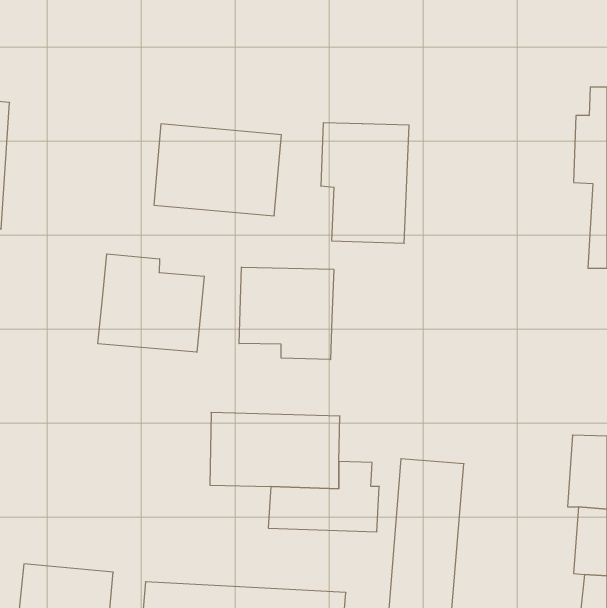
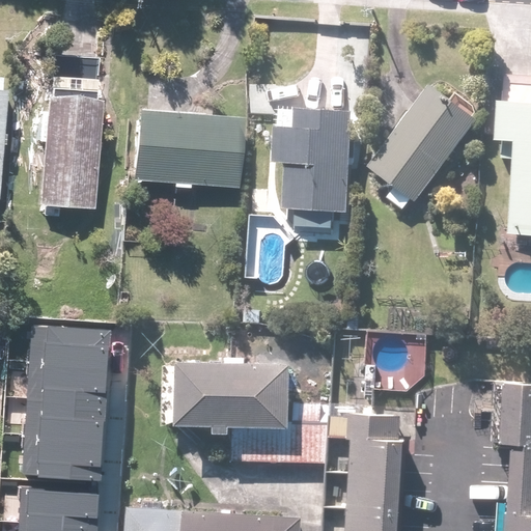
building: none -> [371,85,481,209]
building: none -> [40,95,103,209]
building: [98,254,204,352] -> none
building: [239,267,334,360] -> none
building: none -> [22,328,109,482]

